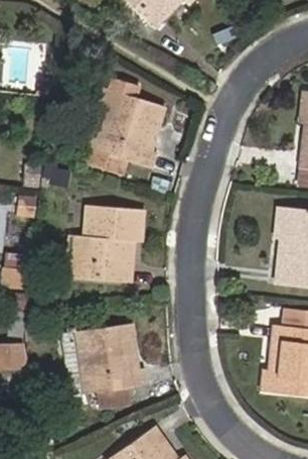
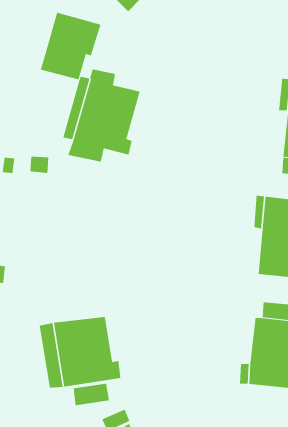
building: none -> [40,12,101,80]
building: [73,205,141,280] -> none

